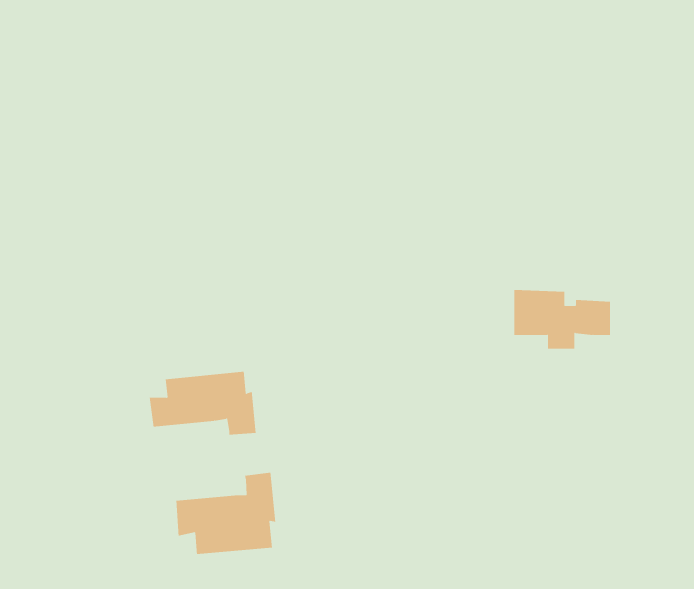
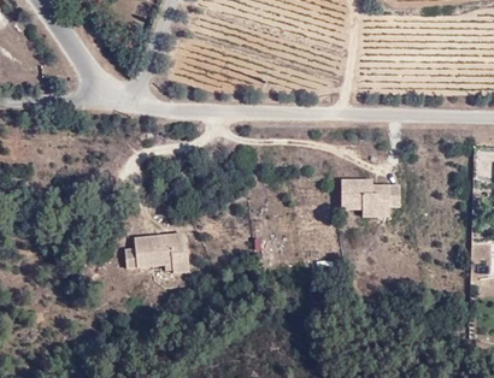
building: [176,472,276,555] -> none

